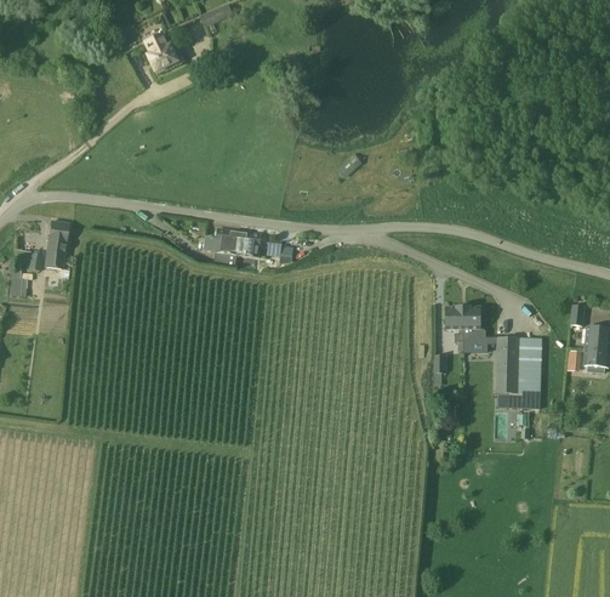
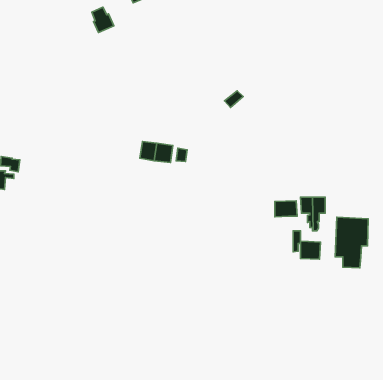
building: [44,220,69,268] -> none
building: none -> [275,201,297,217]
building: none -> [300,241,321,259]

